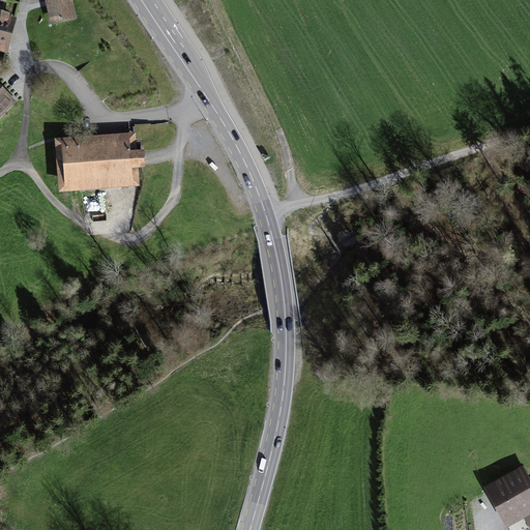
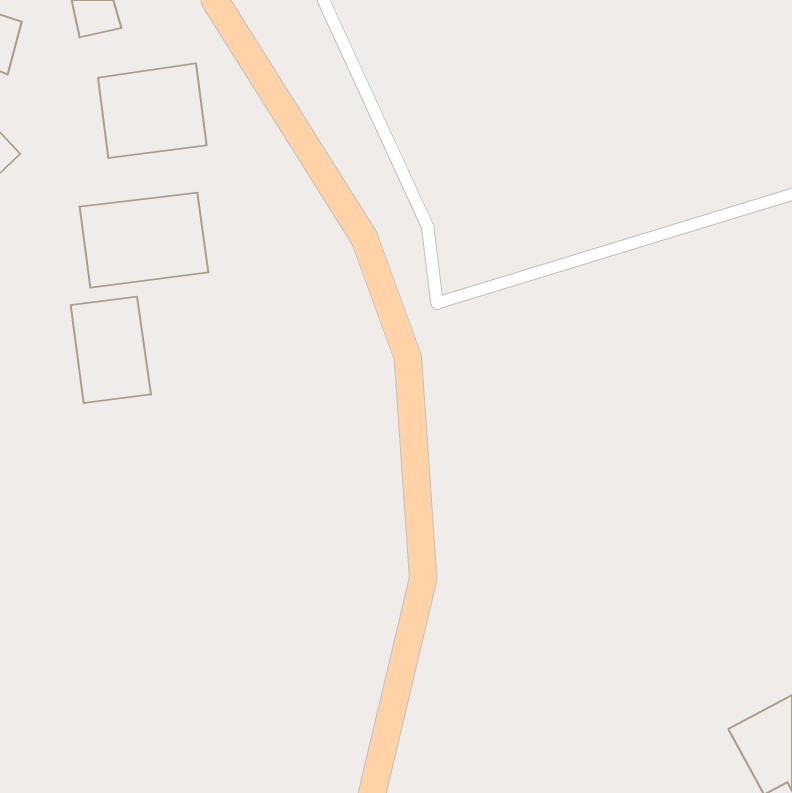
building: none -> [98,63,207,158]
building: none -> [71,297,151,403]

